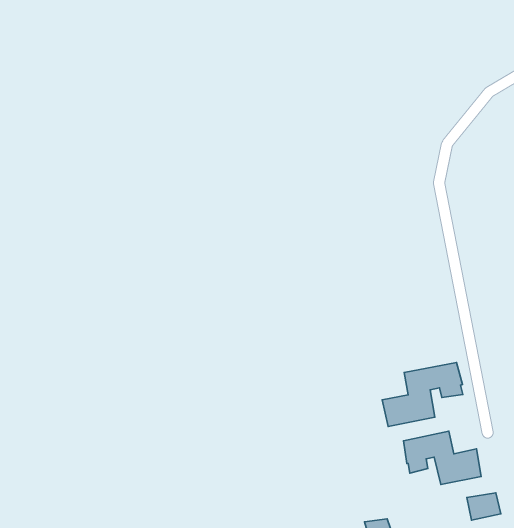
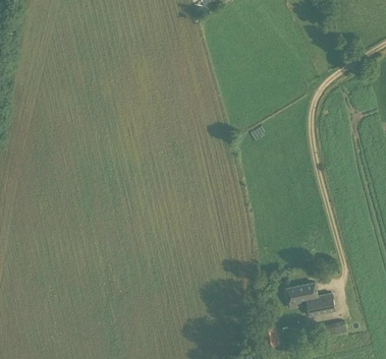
building: [382,363,463,427] -> none

